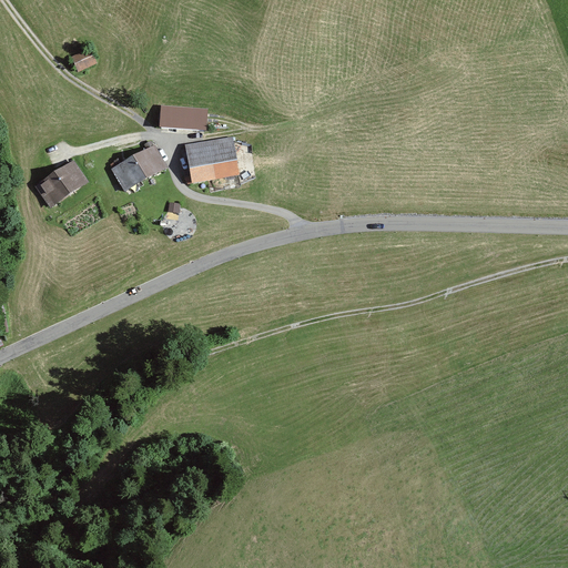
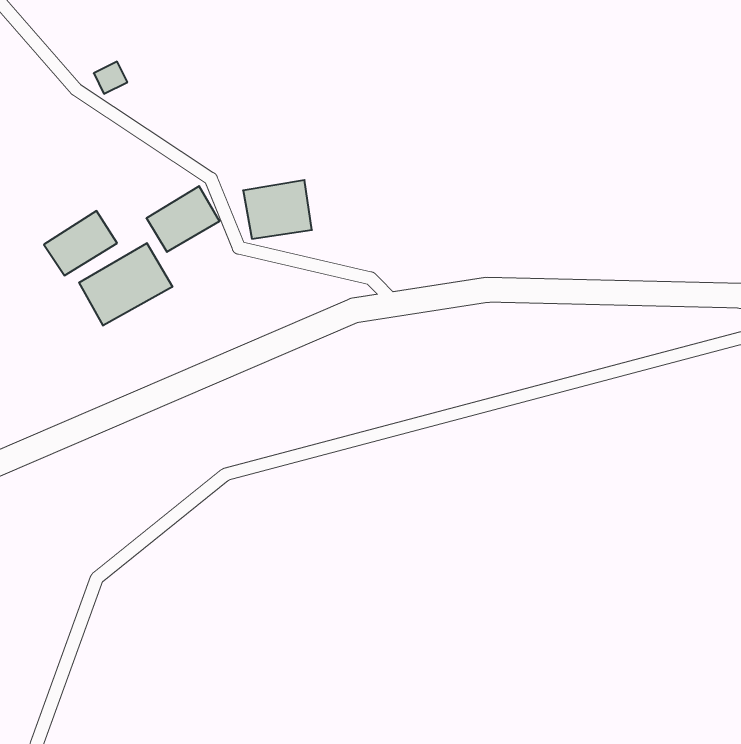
building: [159,102,207,129] -> none
building: none -> [79,243,172,326]

